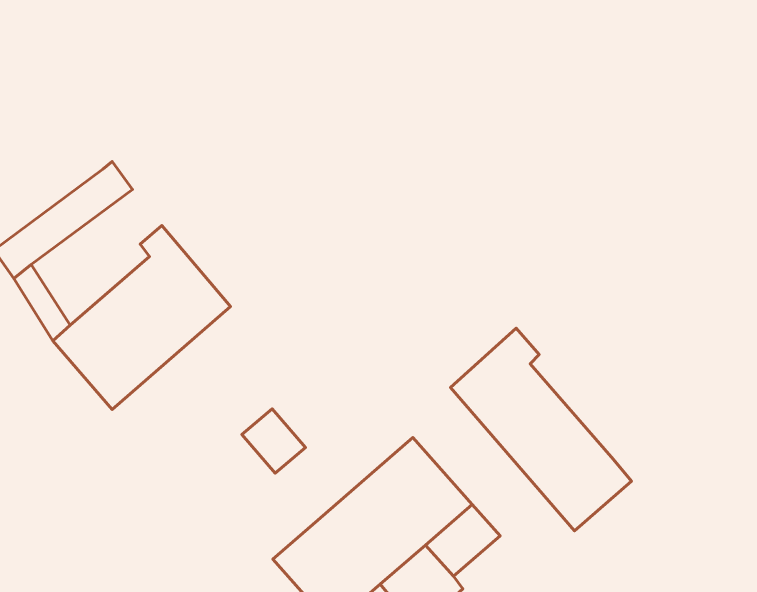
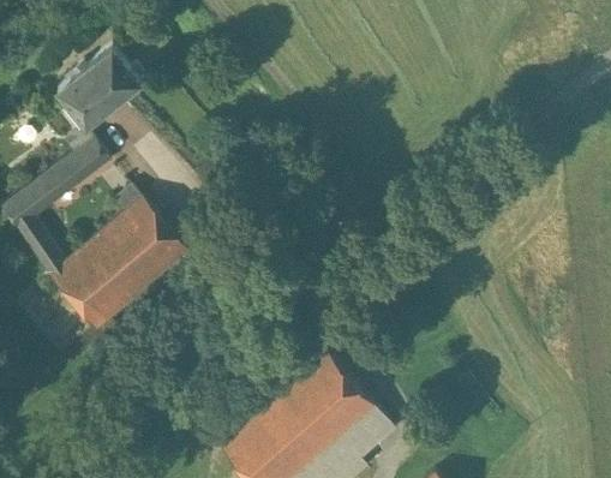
building: none -> [56,46,140,143]
building: [450,328,631,531] -> none
building: [242,409,306,473] -> none

